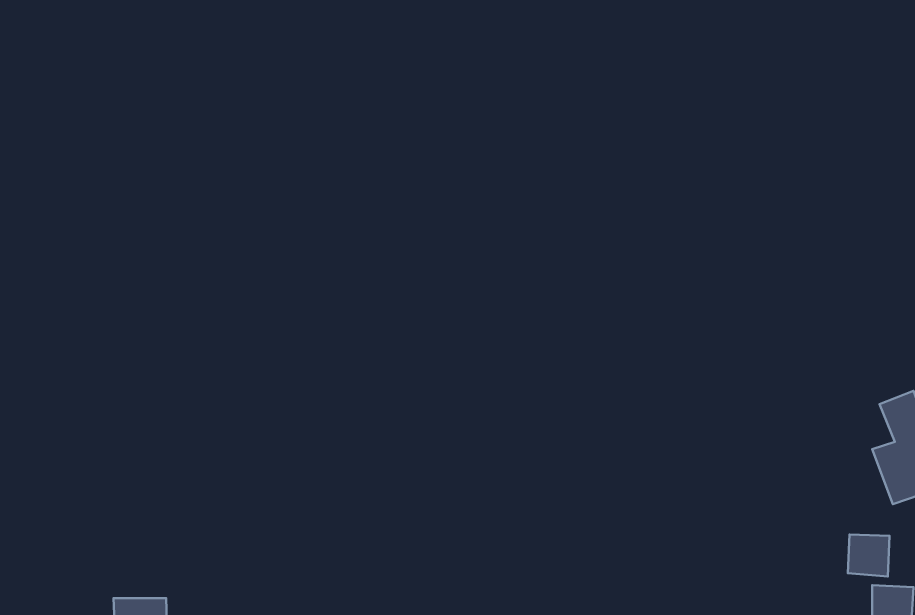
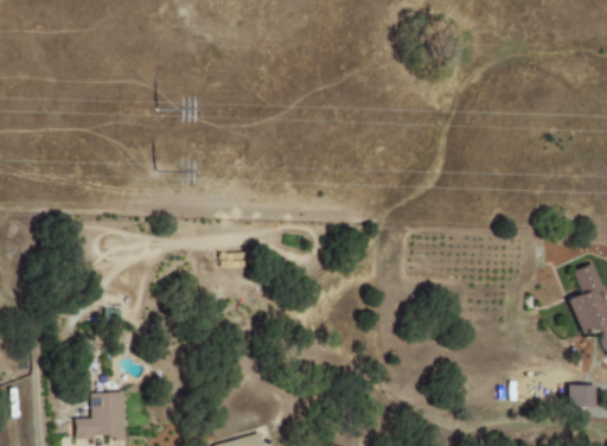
building: [848,535,890,576] -> none

